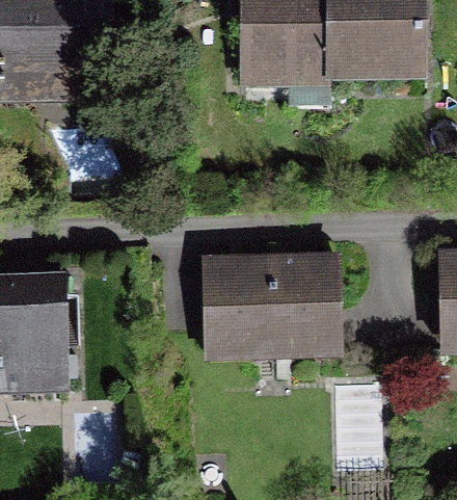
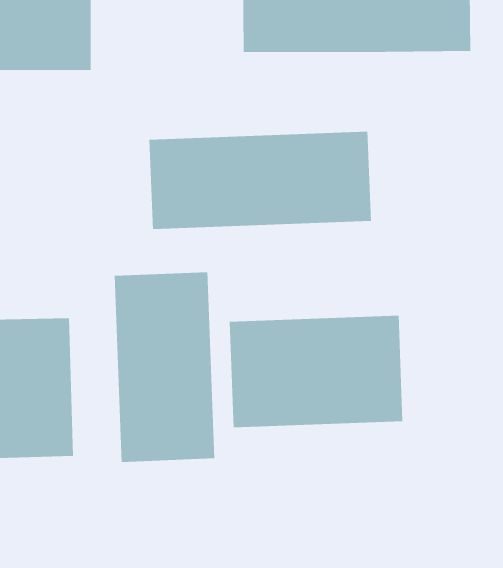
building: none -> [149,131,372,230]
building: none -> [114,272,215,463]

